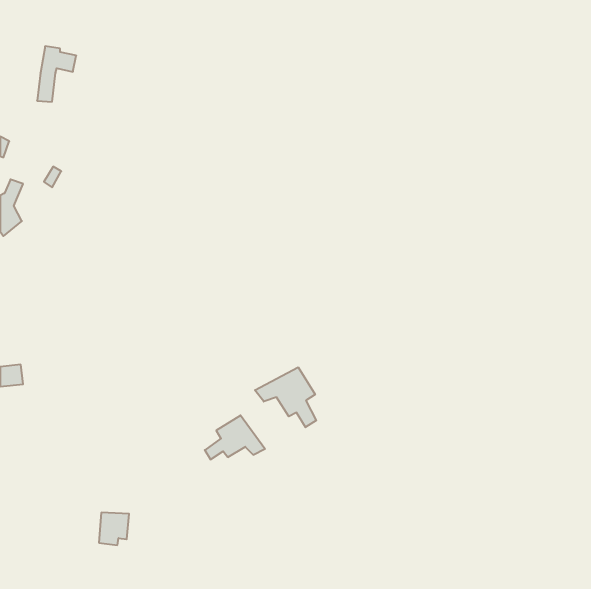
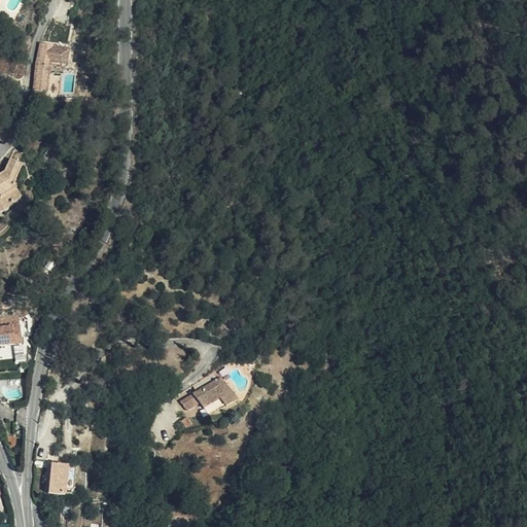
building: [255,367,316,427] -> none
building: [99,513,129,545] -> [48,465,75,494]

